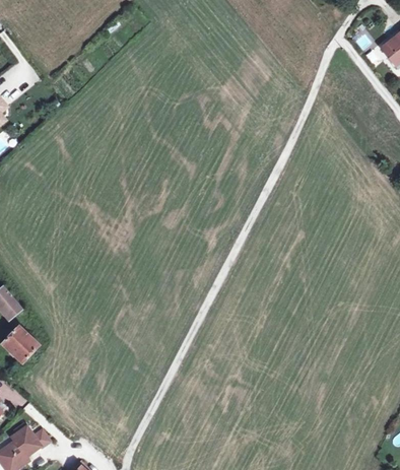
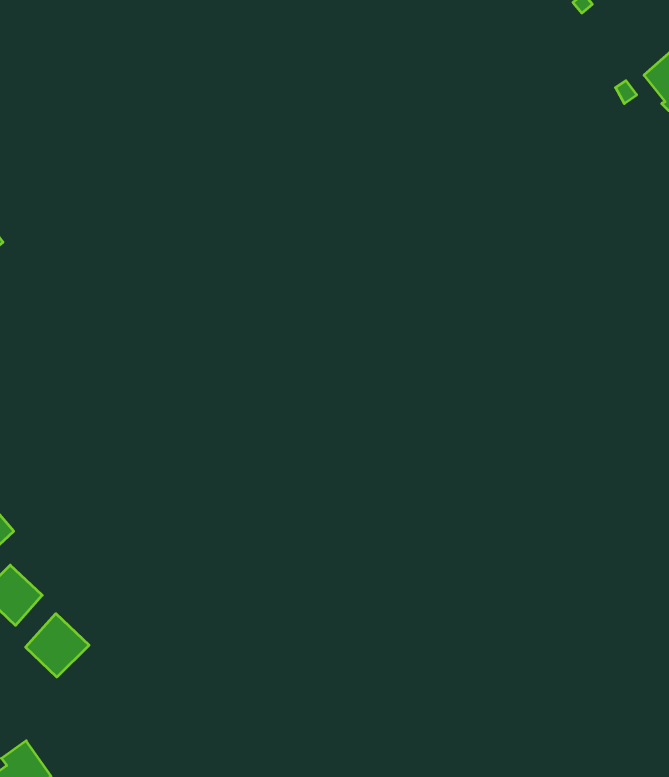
building: none -> [26,614,89,677]

